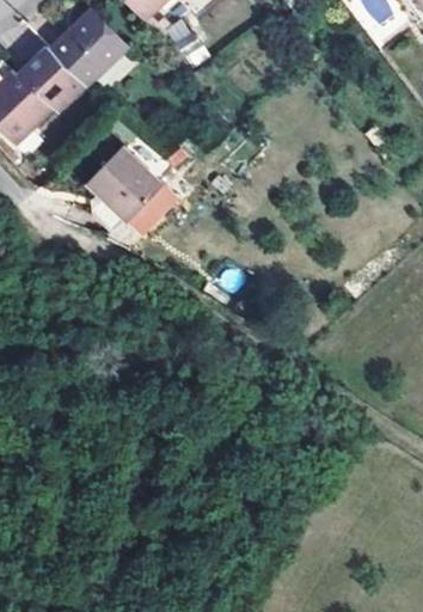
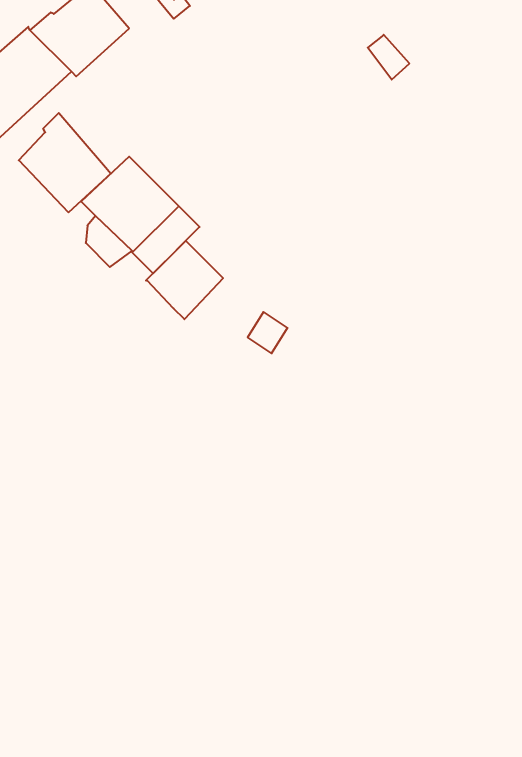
building: none -> [19,113,111,212]
building: none -> [146,241,223,319]

